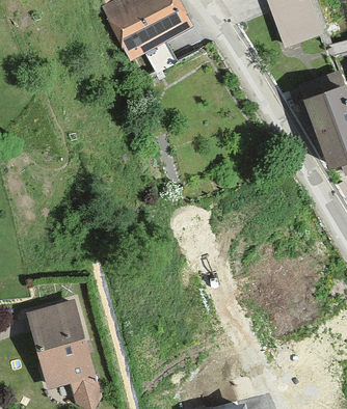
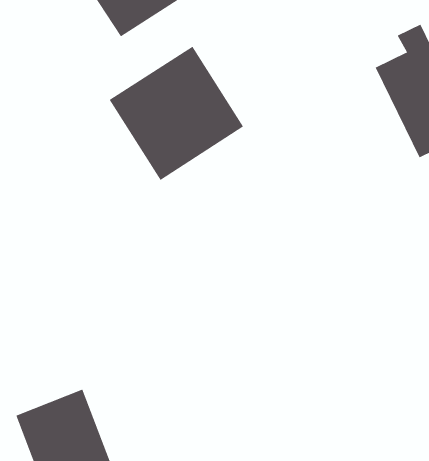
building: none -> [109,46,244,181]

